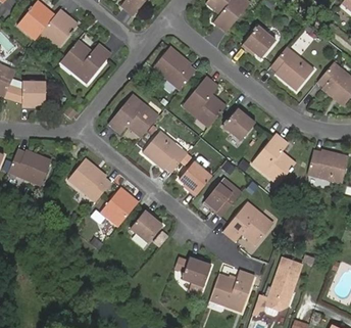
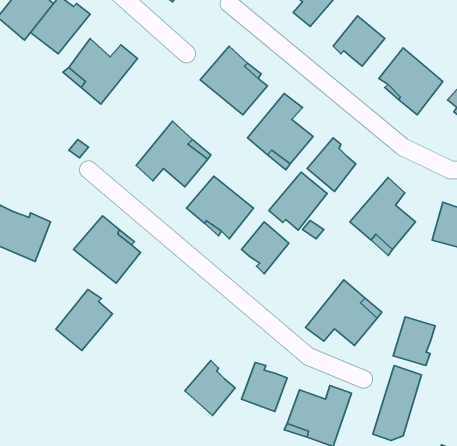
building: [22,80,47,107] -> none
building: [202,177,241,216] -> [269,172,327,230]
building: [99,187,137,228] -> [56,289,112,351]
building: [130,207,163,244] -> [185,360,235,415]
building: none -> [393,317,435,366]

